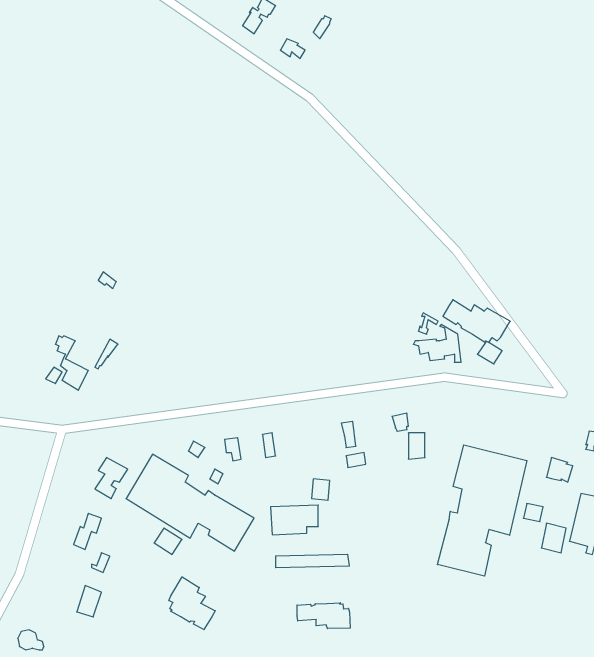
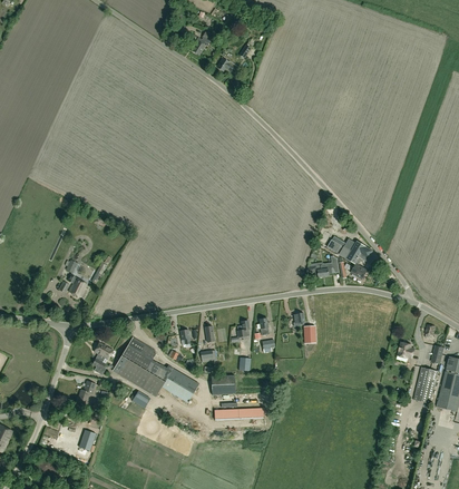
building: [437,445,527,576] -> none
building: [169,577,215,630] -> none
building: [297,603,350,629] -> none

